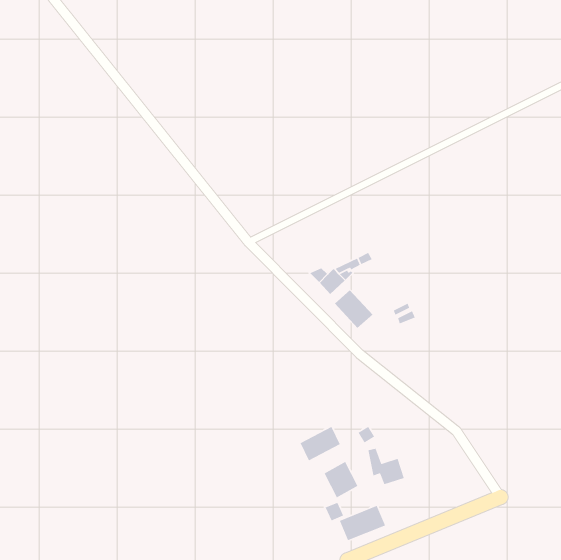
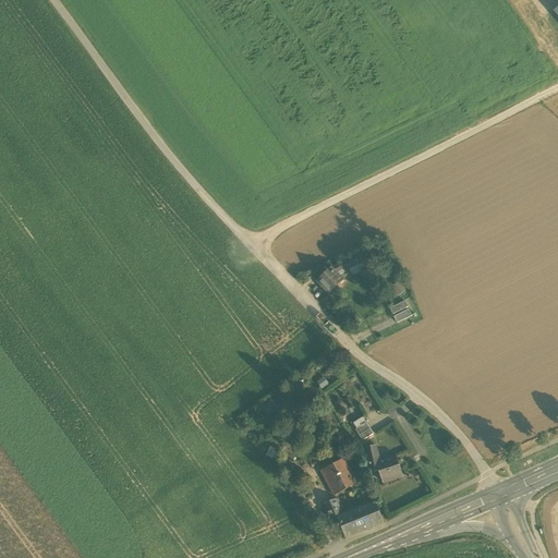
building: [334,290,373,329] -> none
building: [299,426,341,462] -> none

